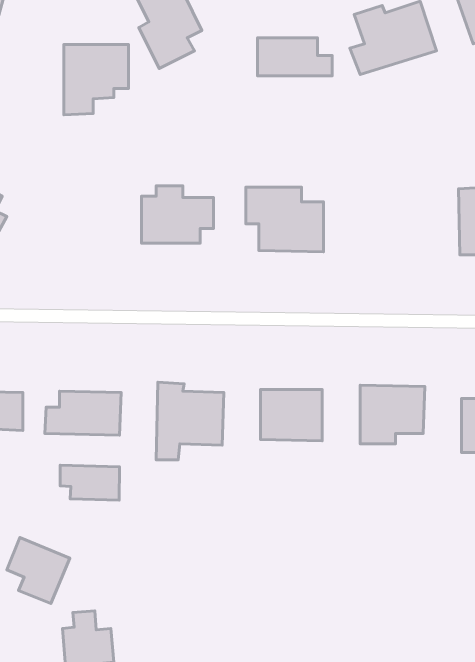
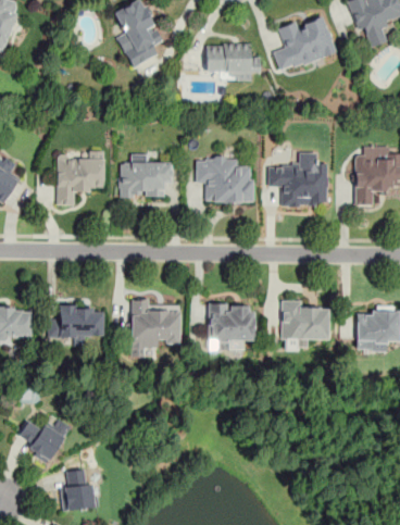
building: [64,45,128,115] -> [57,153,104,205]
building: none -> [268,152,328,207]
building: [60,465,120,500] -> none

